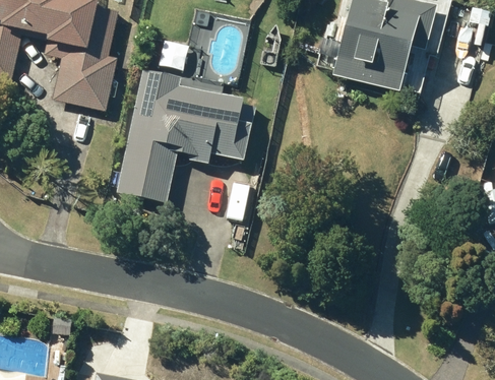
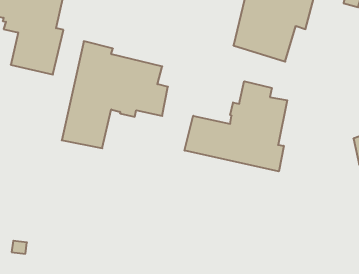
building: none -> [185,81,287,171]

